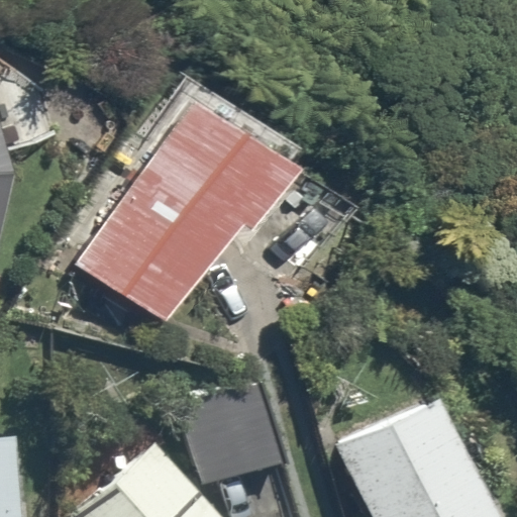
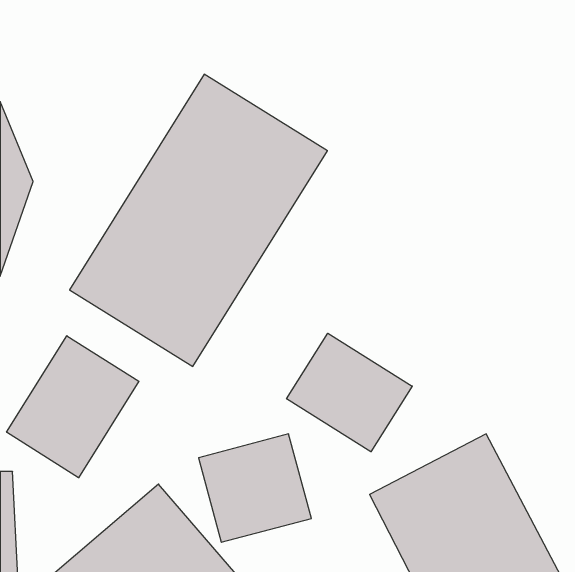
building: none -> [287,333,412,452]
building: none -> [7,336,139,478]

